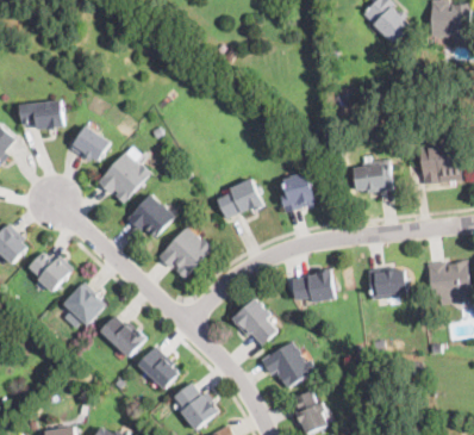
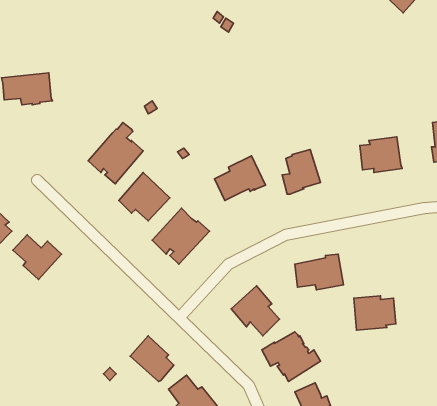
building: [70,125,111,161] -> none
building: [368,267,407,299] -> [354,296,396,330]
building: [63,284,105,325] -> none
building: [100,316,146,358] -> none

